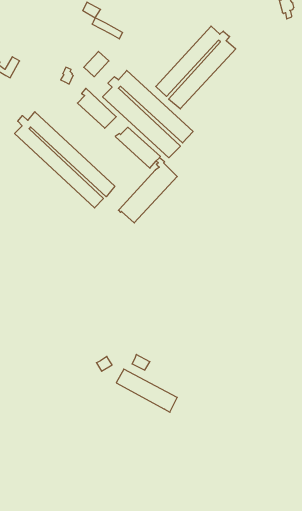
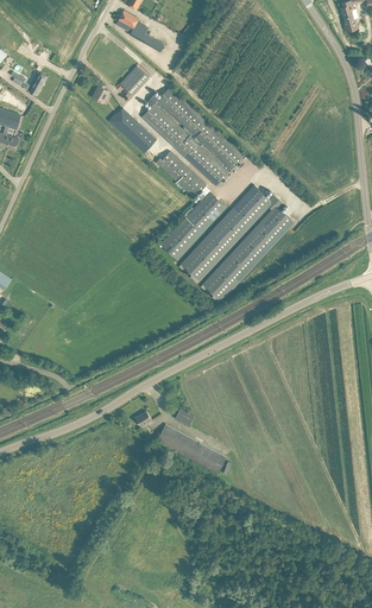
building: [156,26,236,109] -> none
building: [15,112,115,208] -> none
building: none -> [177,184,294,303]

